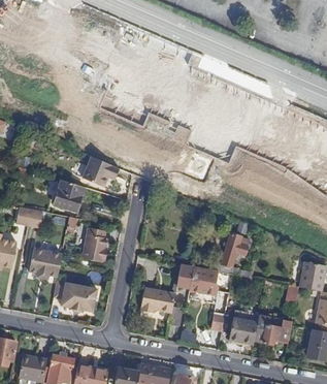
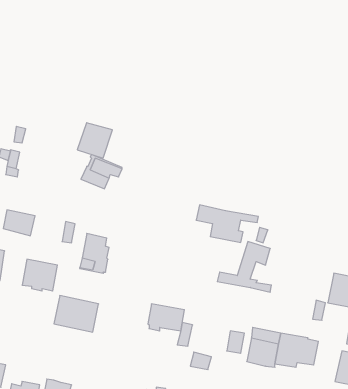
building: [53,181,84,212] -> [77,123,112,158]
building: [176,263,231,296] -> [196,205,258,242]

